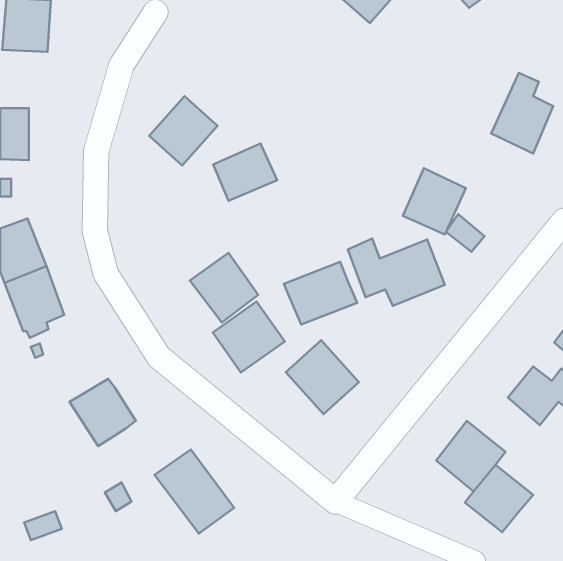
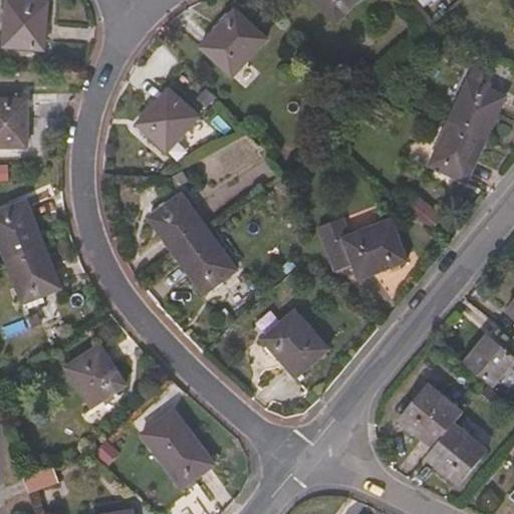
building: none -> [199,8,266,75]
building: [403,168,466,235] -> [429,121,486,182]
building: none -> [147,193,209,255]
building: [284,262,357,325] -> none
building: [213,301,285,373] -> none

